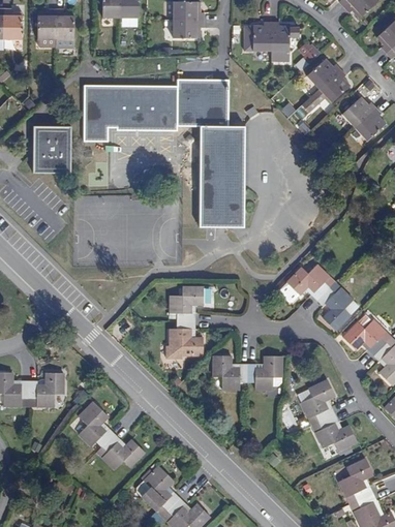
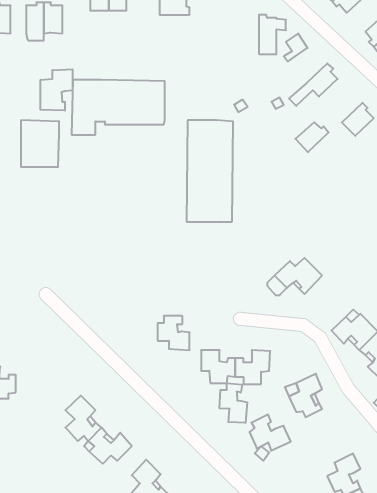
building: [172,21,202,39] -> none
building: [252,21,271,49] -> none
building: [306,58,339,89] -> none
building: none -> [41,69,72,111]
building: [177,81,229,126] -> none
building: [341,98,374,128] -> [295,122,329,152]
building: [316,281,359,329] -> none
building: [170,286,203,321] -> none
building: [28,372,63,405] -> none
building: none -> [220,383,247,423]
building: [315,414,357,451] -> [249,414,291,451]

